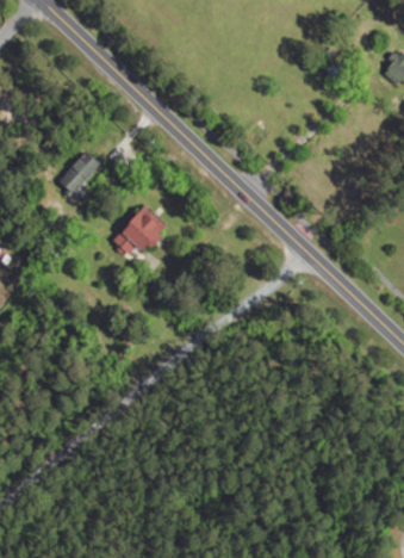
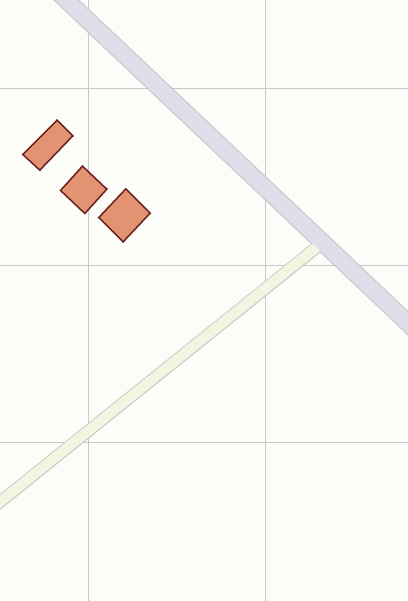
building: none -> [61,166,107,213]

